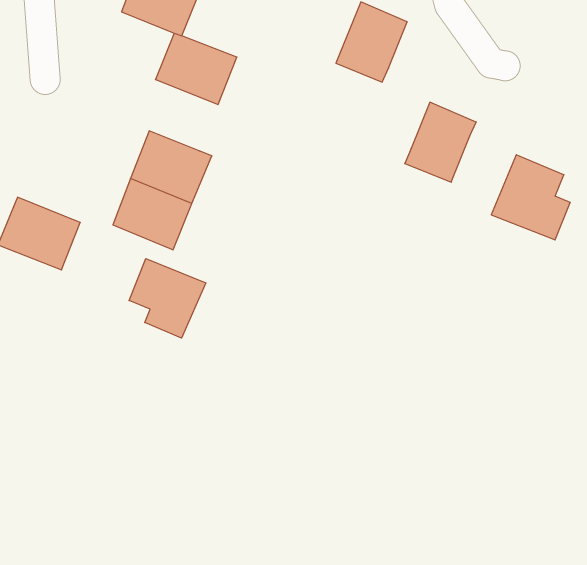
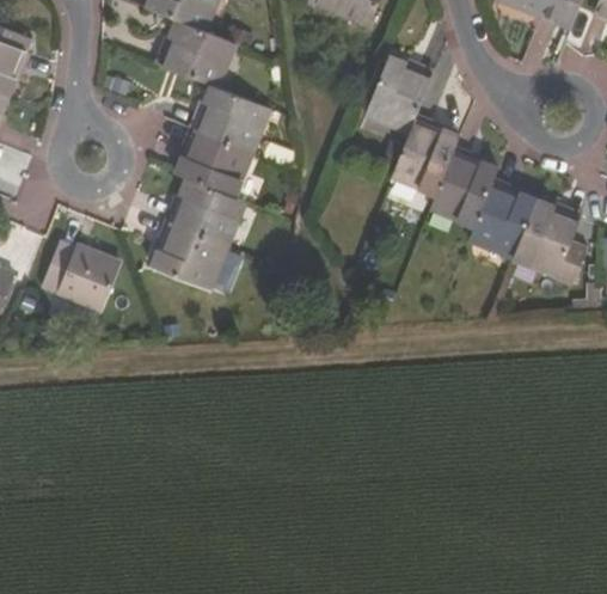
building: none -> [391,117,459,194]
building: none -> [176,128,252,196]
building: none -> [470,182,537,257]
building: [129,259,206,338] -> none

